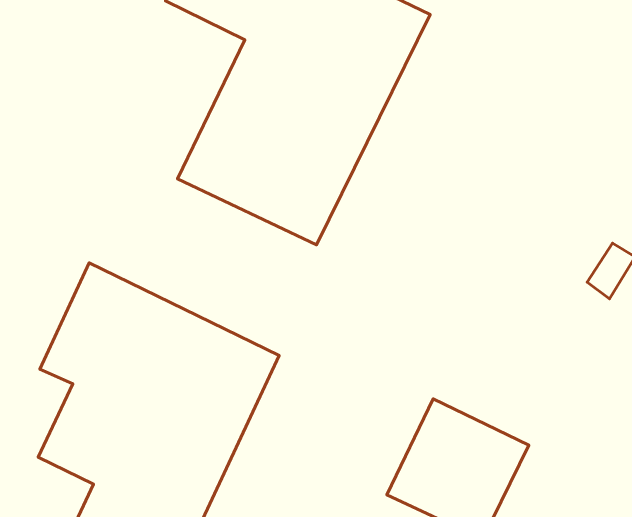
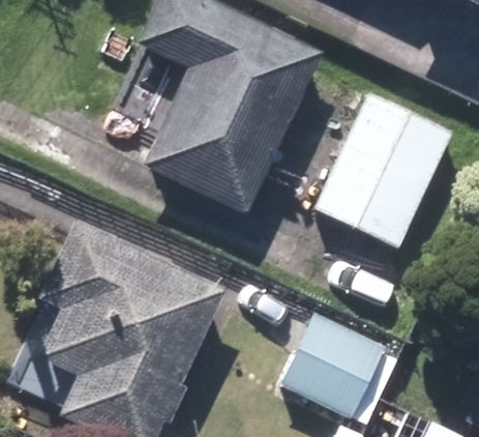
building: none -> [313,89,449,241]

